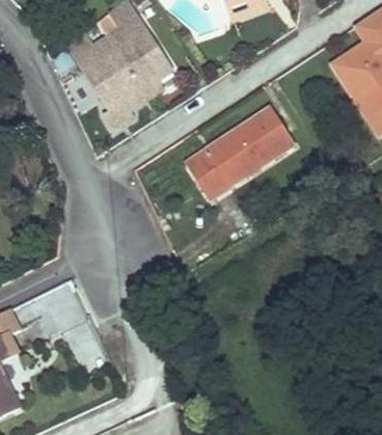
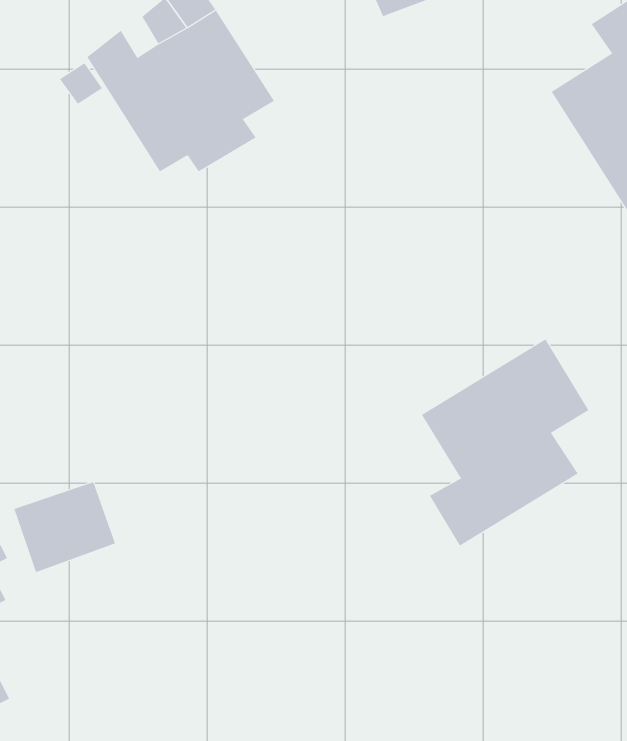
building: [189,108,296,196] -> none
building: none -> [421,338,589,546]

